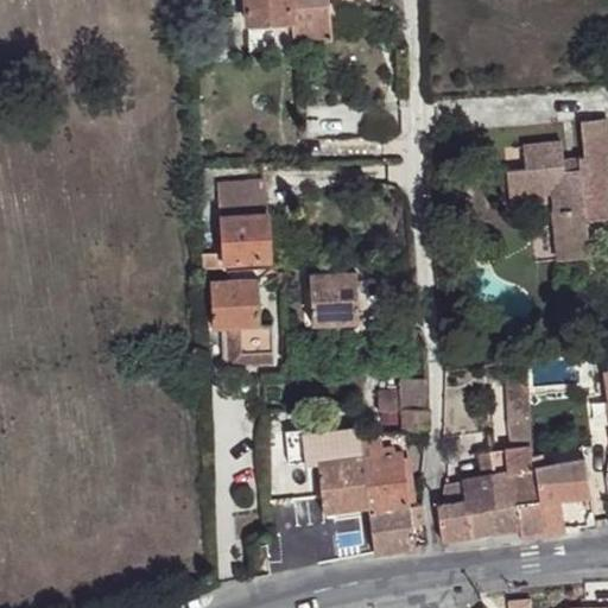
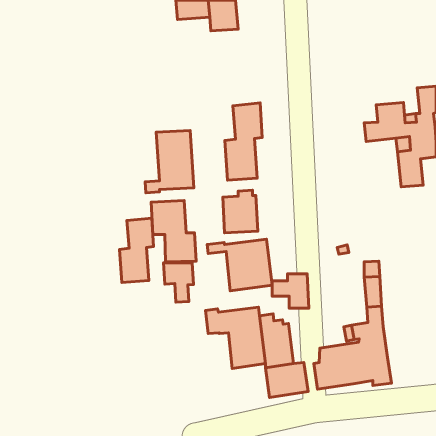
building: none -> [225,103,262,180]
building: none -> [120,218,153,282]
building: none -> [207,239,272,291]
building: none -> [163,263,194,302]
building: [533,445,590,533] -> none

